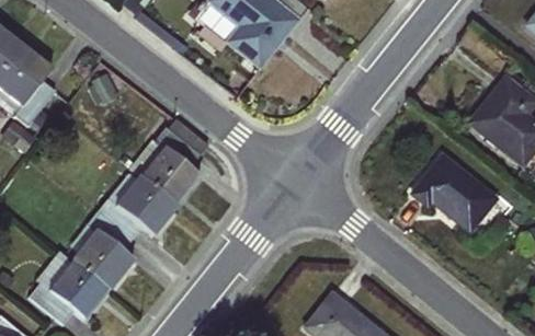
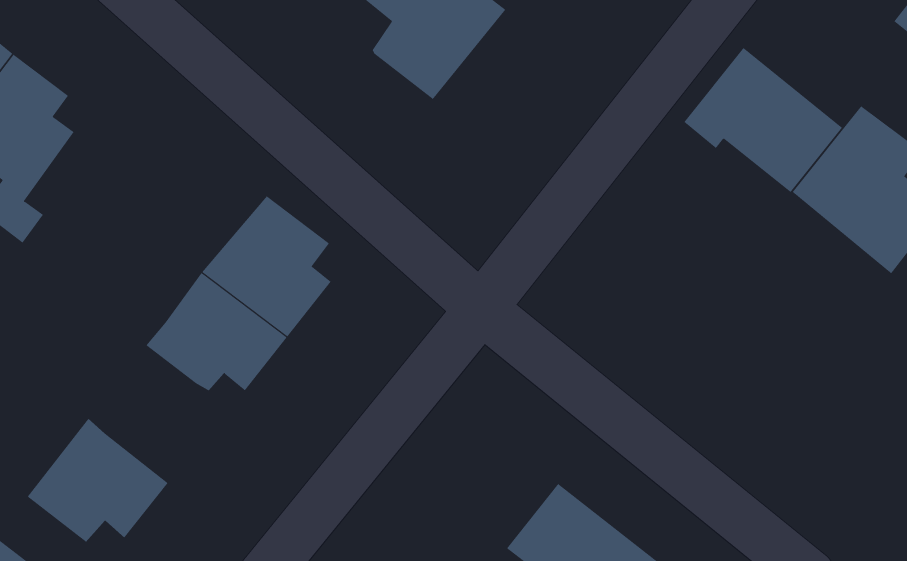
building: [409,151,500,234] -> [684,47,843,193]
building: [73,210,134,289] -> none

